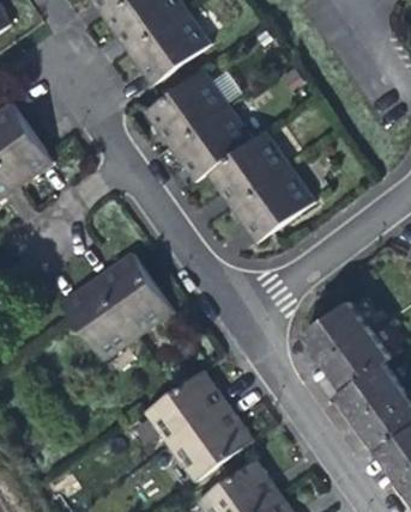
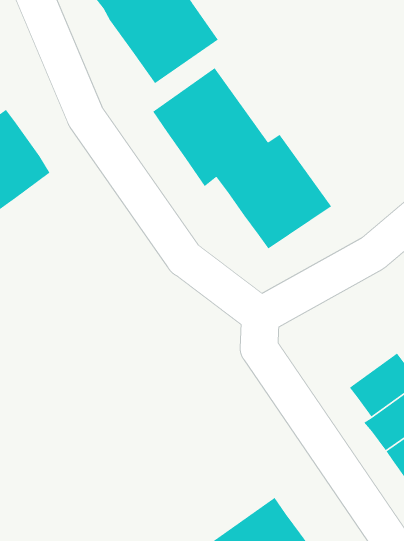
building: [62,256,171,360] -> none
building: [303,300,369,361] -> none
building: [145,372,252,482] -> none

